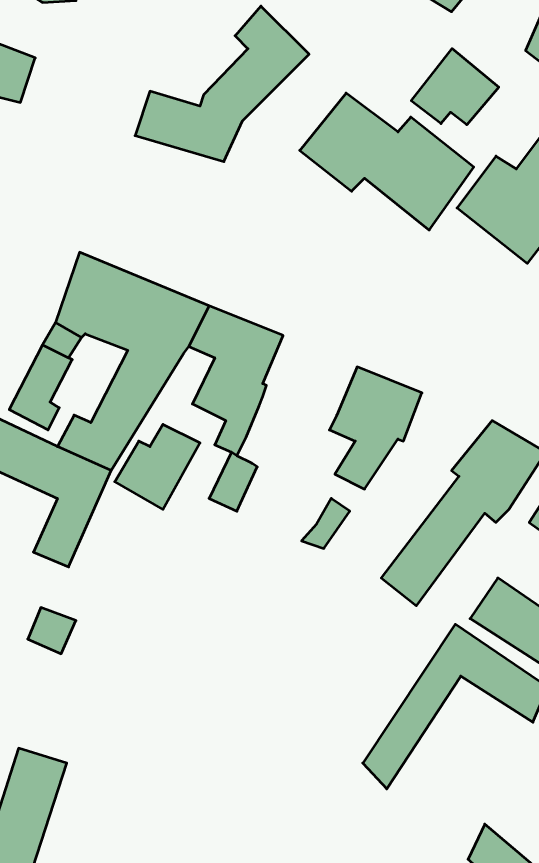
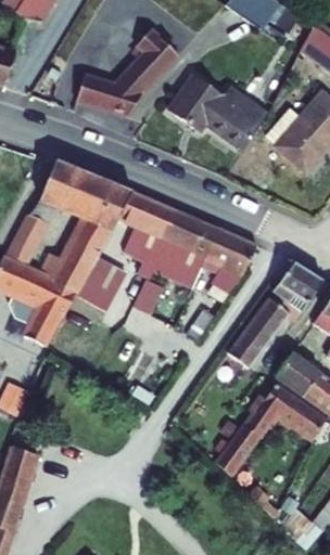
building: [411,49,499,125] -> none
building: none -> [147,212,212,289]

